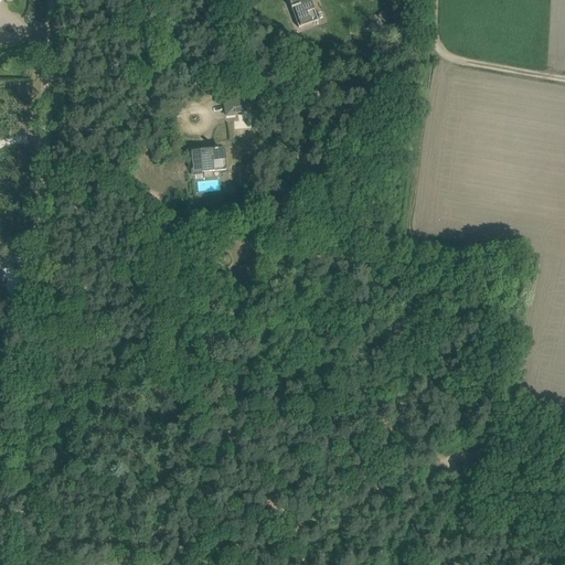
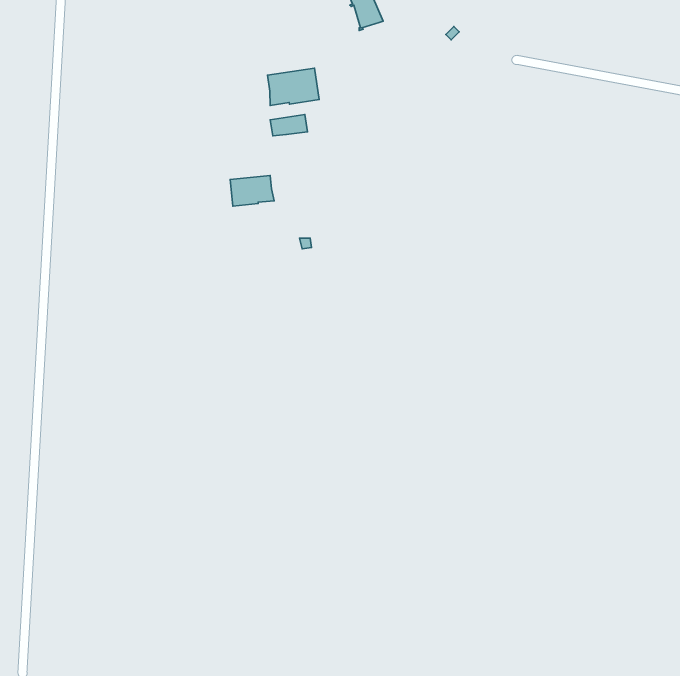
building: none -> [267,68,319,106]

